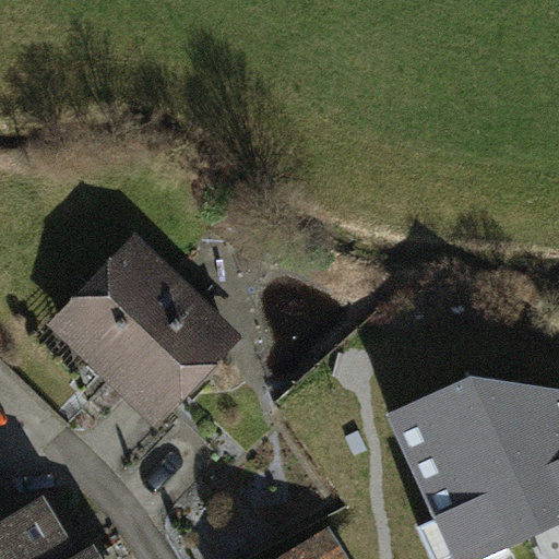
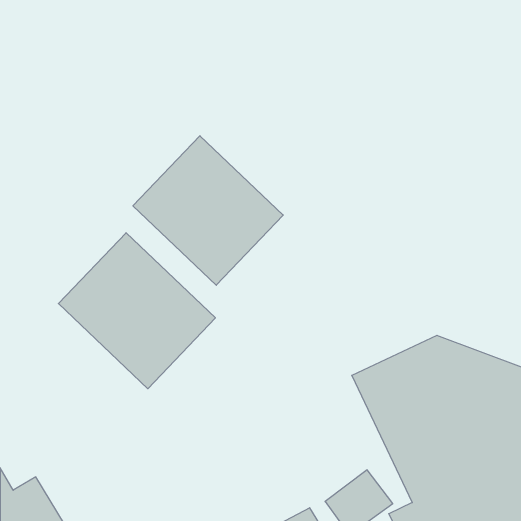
building: none -> [133,136,283,285]

